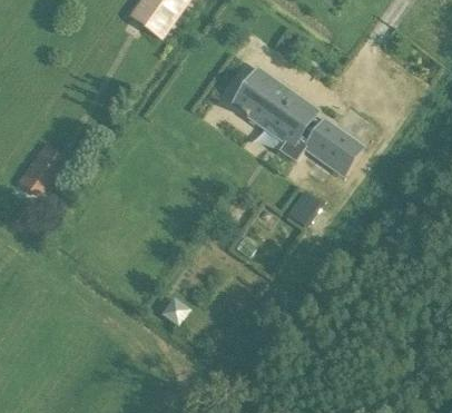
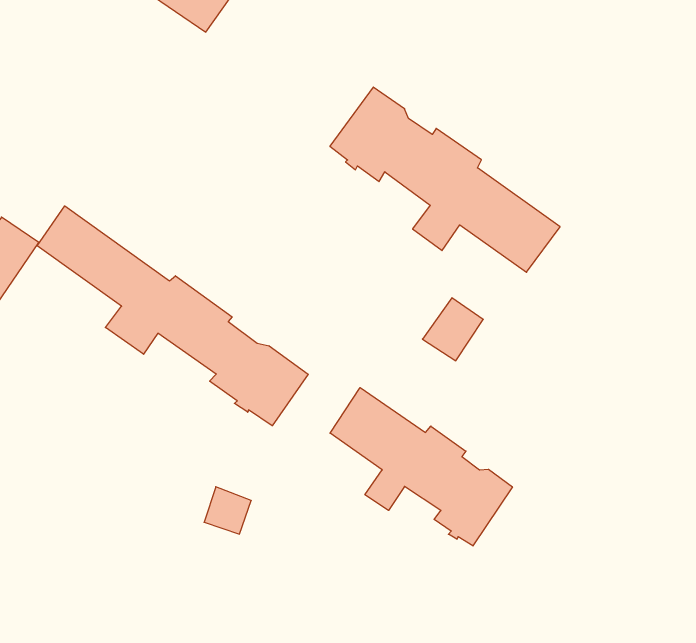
building: none -> [37,206,308,426]
building: none -> [330,388,512,546]

